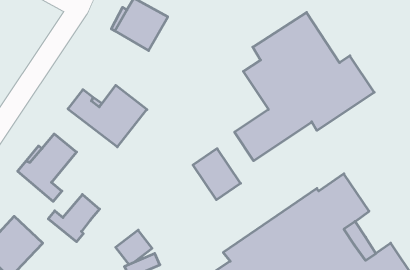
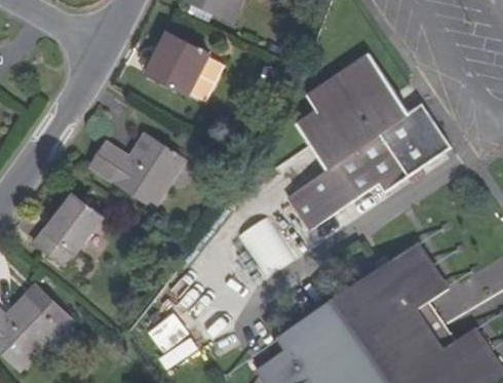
building: [48,194,100,242] -> none

